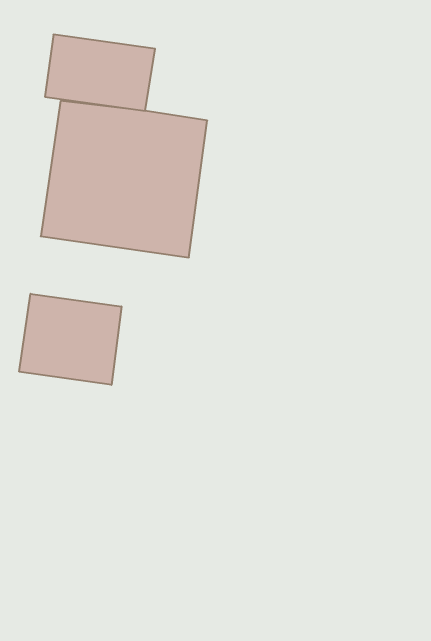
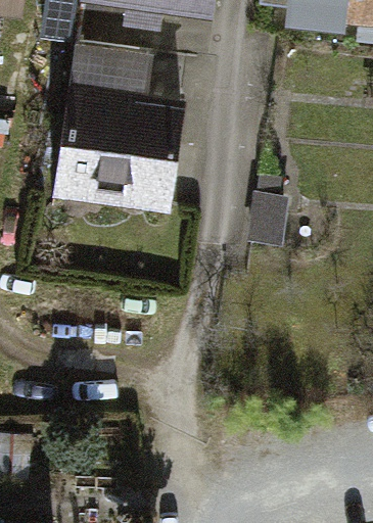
building: [19,294,121,385] -> none

